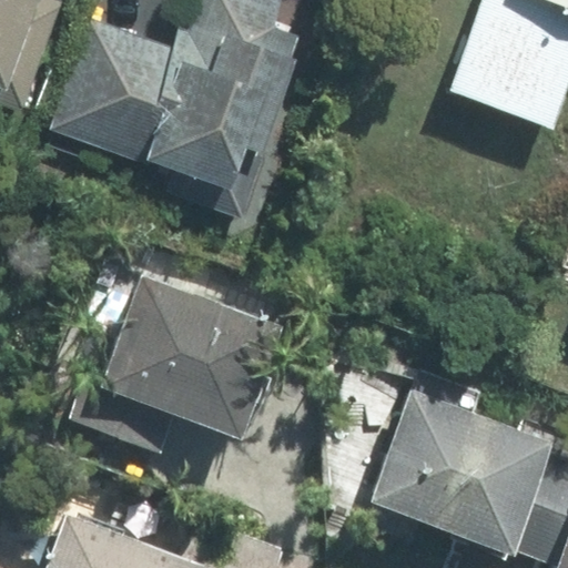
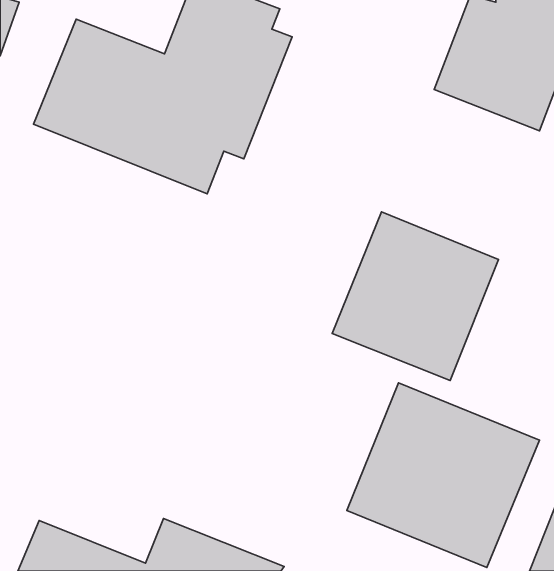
building: none -> [332,212,499,380]
building: [91,282,272,444] -> none

